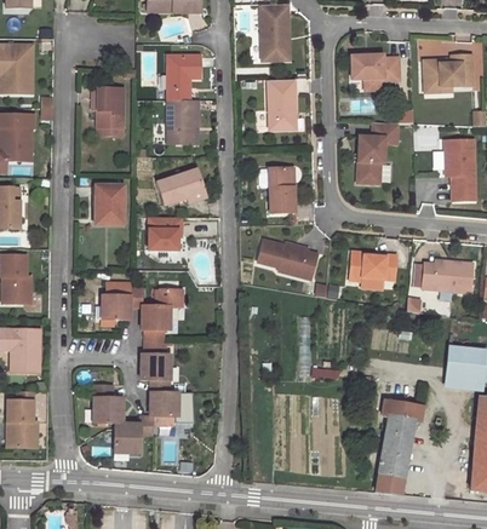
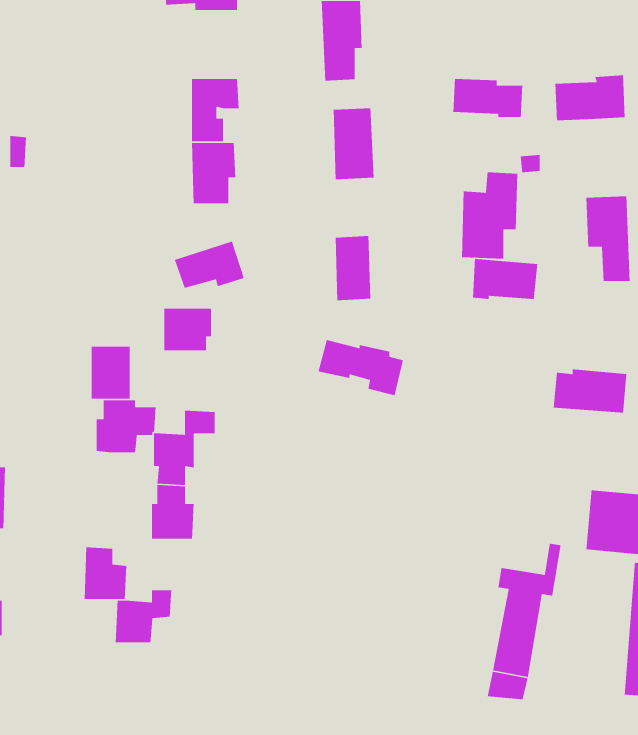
building: [98,88,125,127] -> none
building: [96,186,124,224] -> [91,346,131,400]
building: [350,252,396,281] -> [472,258,538,300]
building: [149,380,179,416] -> none

